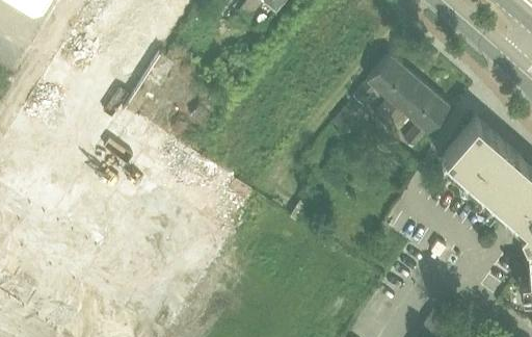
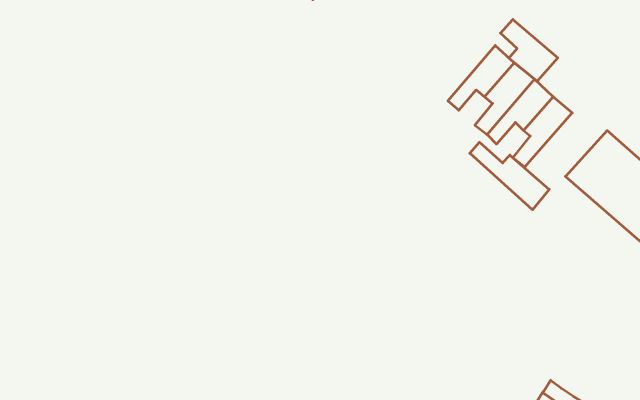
building: none -> [500,19,558,81]
building: none -> [470,142,549,210]

